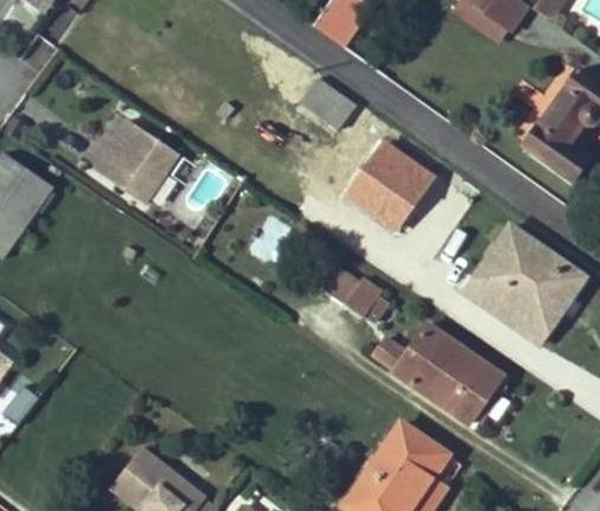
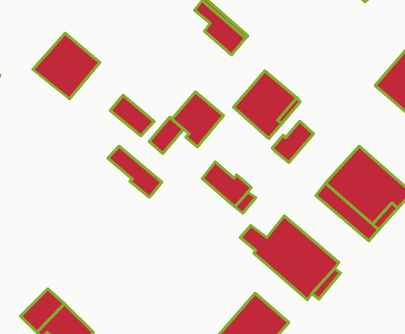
building: none -> [172,92,223,147]
building: none -> [110,95,154,136]
building: none -> [272,121,313,162]
building: none -> [108,146,162,197]

